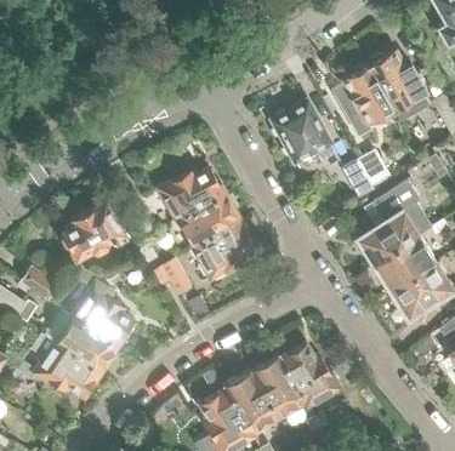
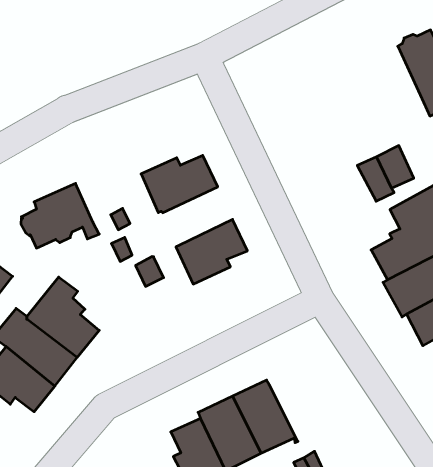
building: [332,65,393,135] -> none
building: [272,102,337,167] -> none
building: [180,195,239,247] -> none
building: [280,346,337,405] -> none

